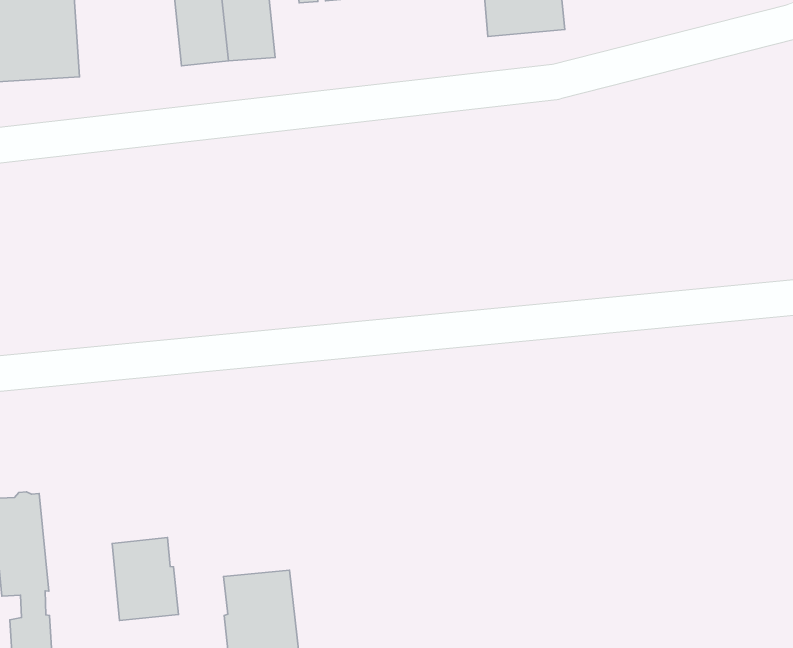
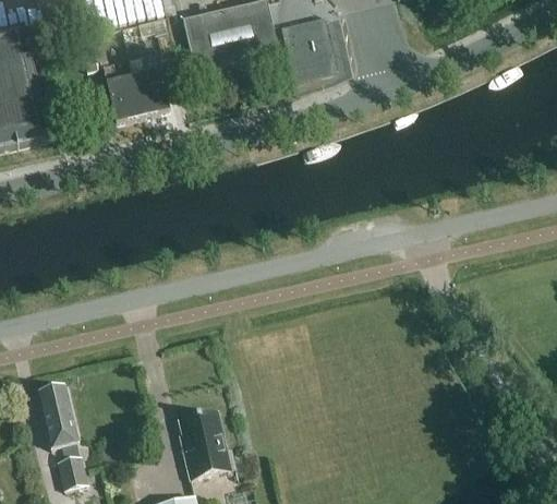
building: [112,537,178,620] -> none

